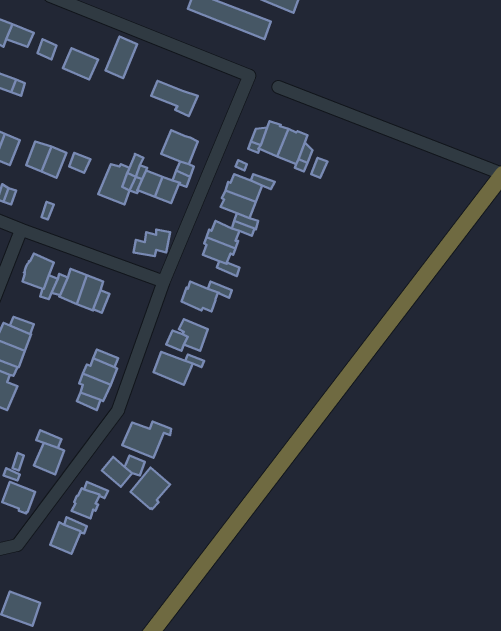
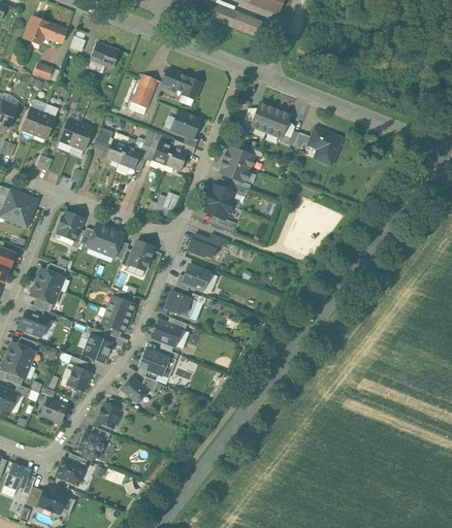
building: [106,37,137,78] -> [131,73,157,107]
building: none -> [308,127,341,164]
building: none -> [105,131,129,162]
building: none -> [129,239,158,271]
building: none -> [151,320,190,353]
building: none -> [84,334,110,361]
building: [130,468,170,509] -> none
building: none -> [56,457,85,484]

